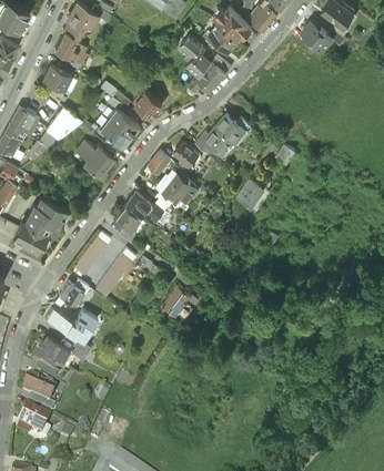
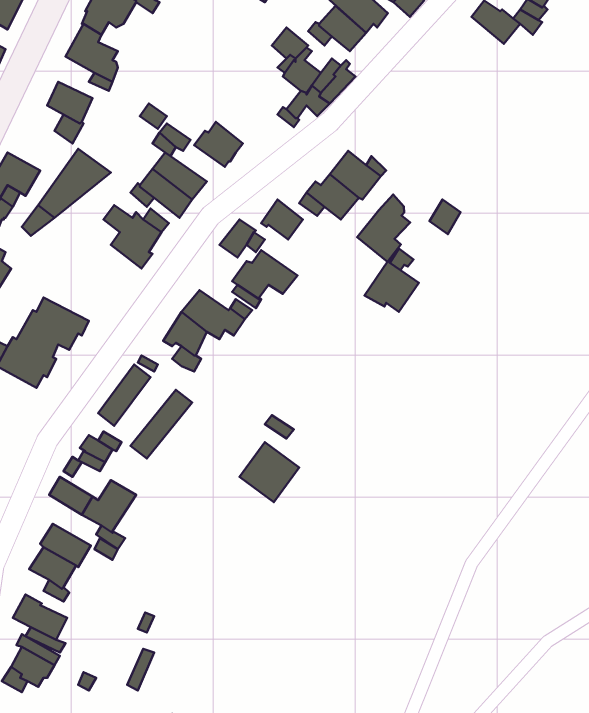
building: none -> [357,194,410,262]

